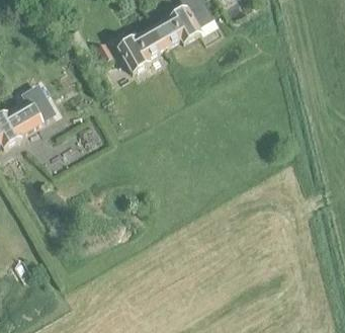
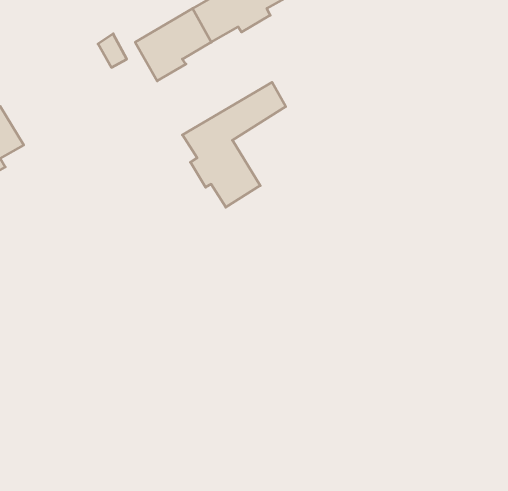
building: none -> [182,82,286,207]

